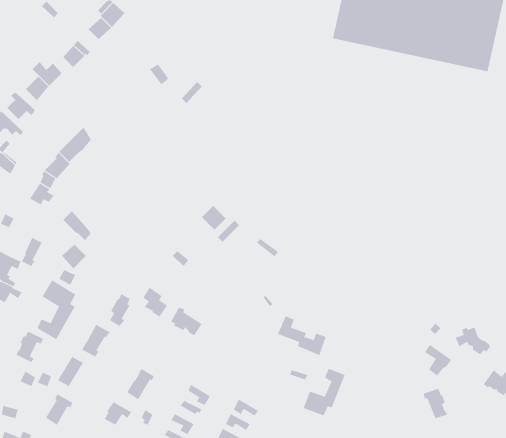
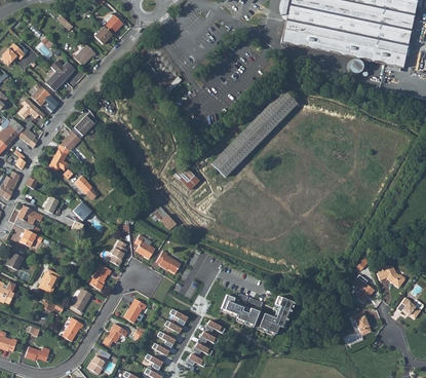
building: none -> [212,90,298,178]
building: [36,280,76,340] -> none
building: [277,316,326,356] -> [221,294,259,325]

